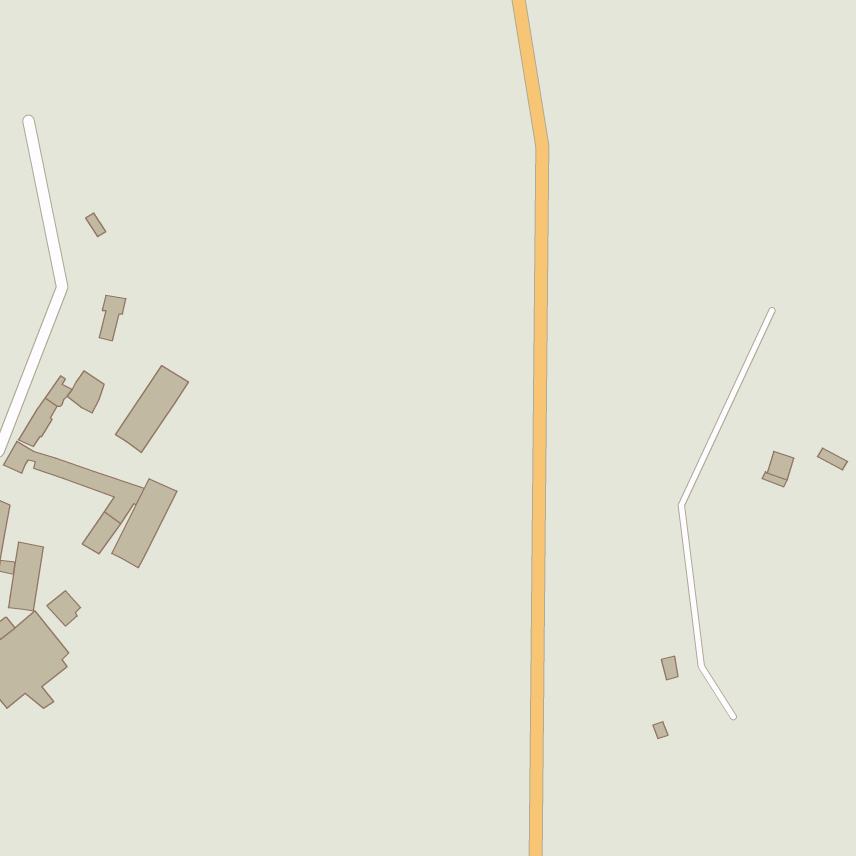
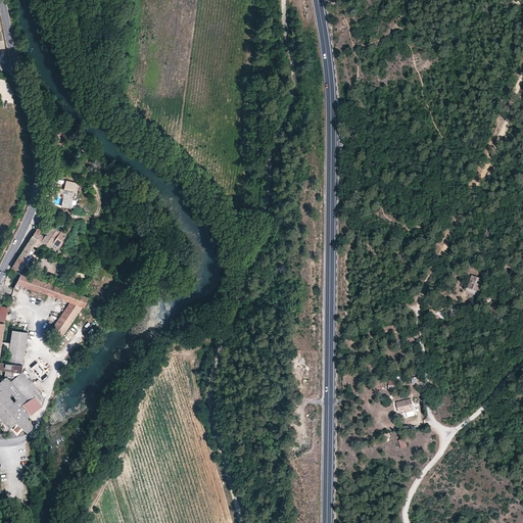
building: [116,366,189,453] -> none
building: [112,479,177,568] -> none

